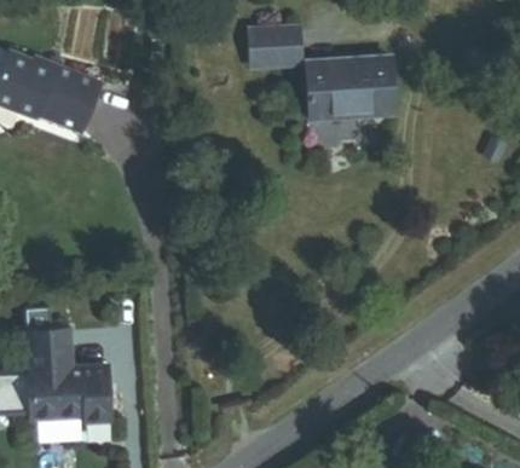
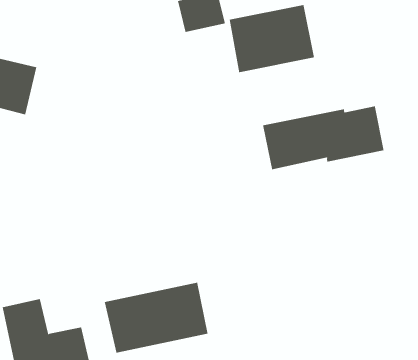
building: none -> [263,105,384,170]
building: none -> [104,282,208,354]

